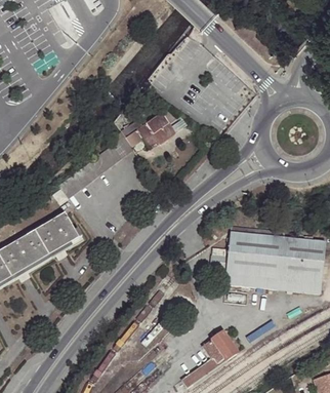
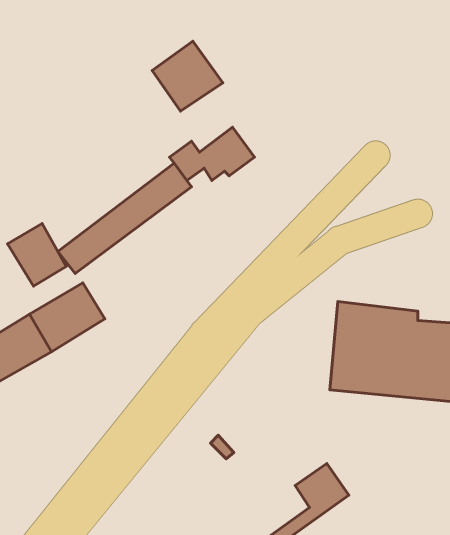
building: none -> [152,41,223,111]
building: none -> [7,223,66,286]

